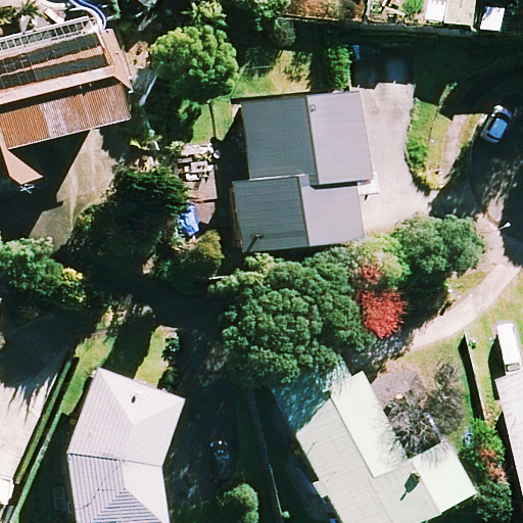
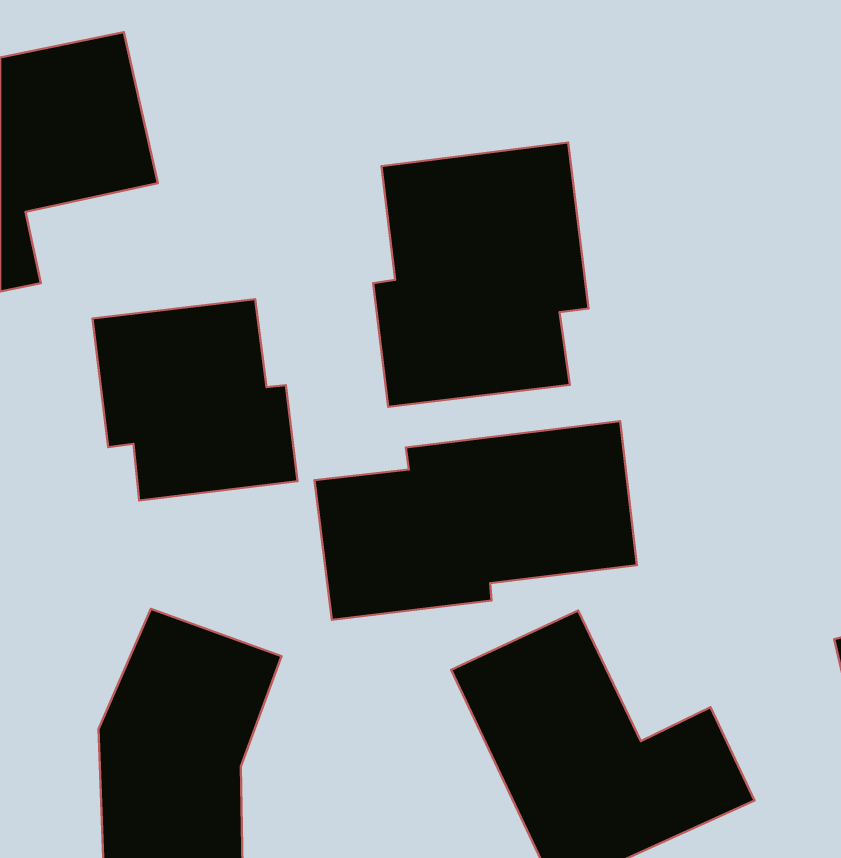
building: none -> [93,299,297,501]
building: none -> [314,421,637,620]

